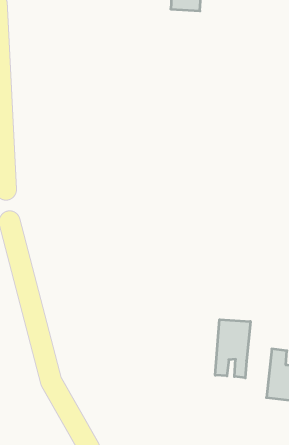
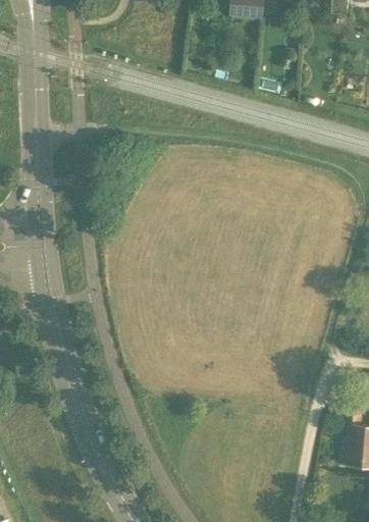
building: [215,320,250,378] -> none

